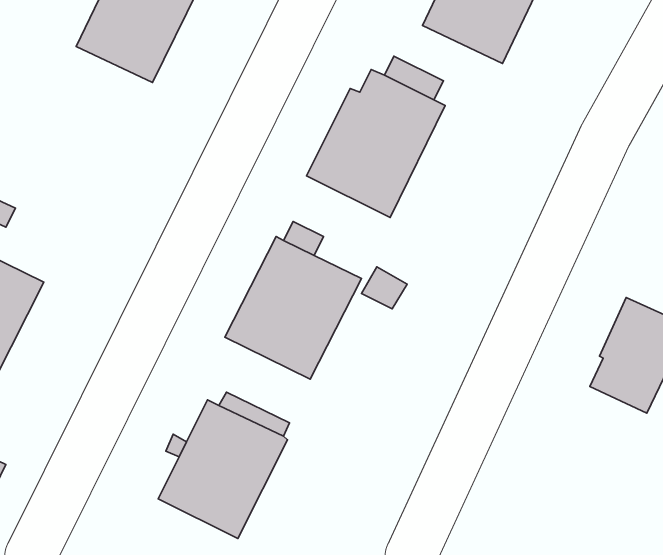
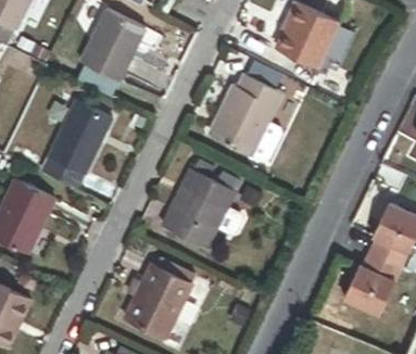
building: none -> [37,99,113,191]
building: none -> [344,255,402,319]

